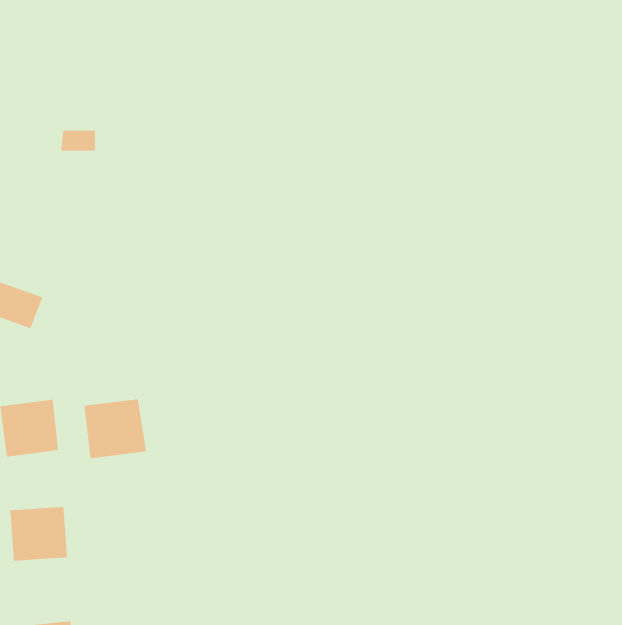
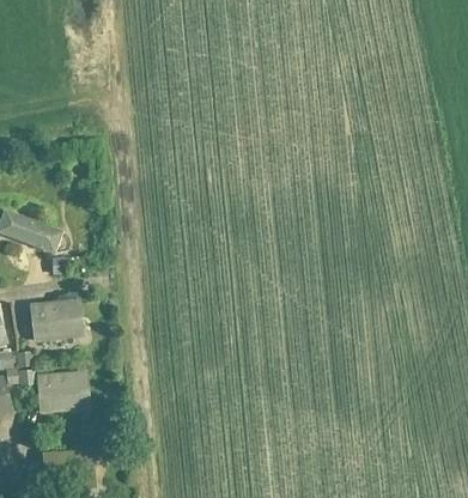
building: [84,398,147,459] -> none

